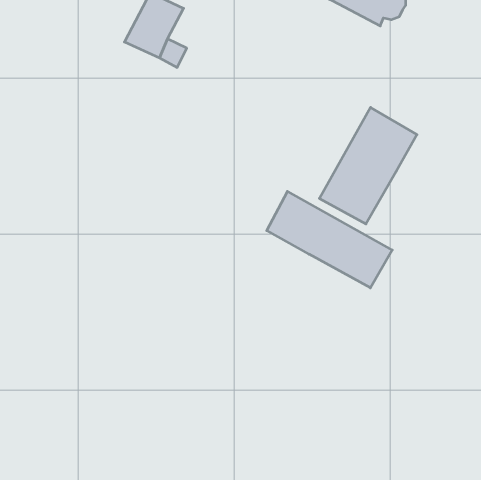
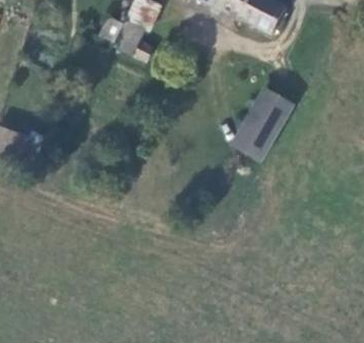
building: [267,191,392,288] -> none

